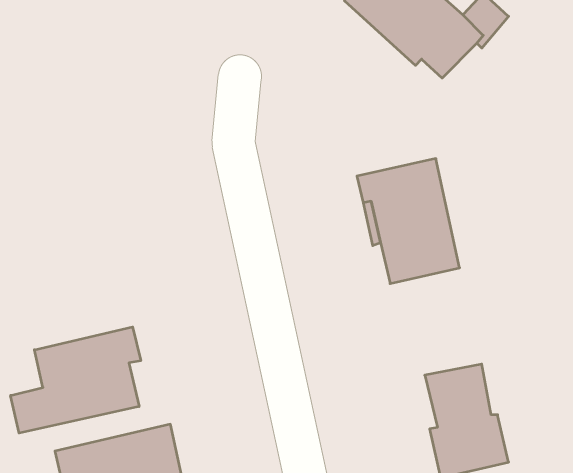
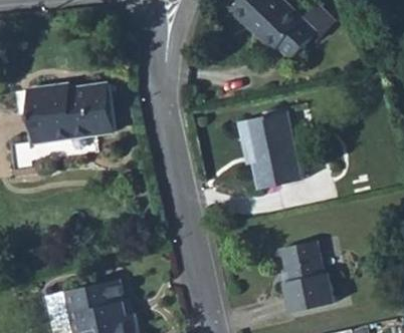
building: none -> [26,84,114,156]
building: [11,327,141,433] -> none

